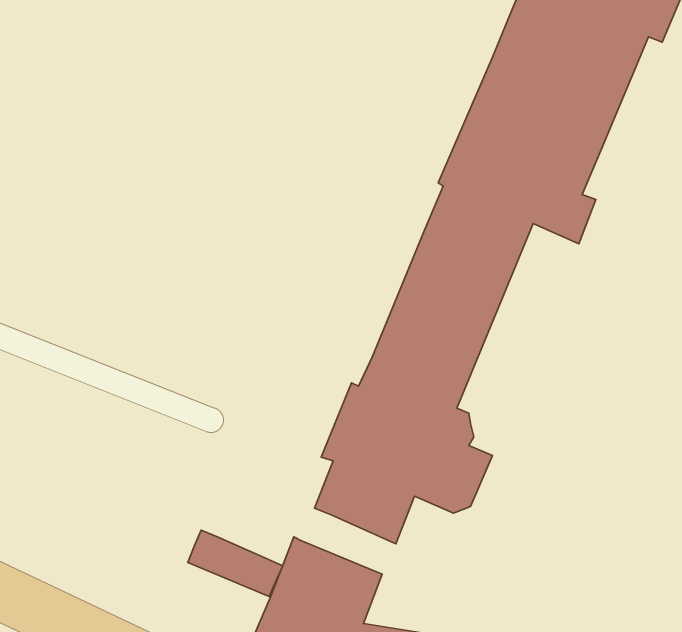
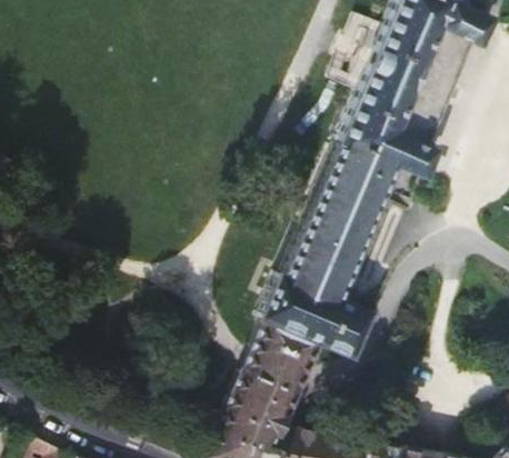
building: [188,530,283,596] -> [247,352,309,396]

